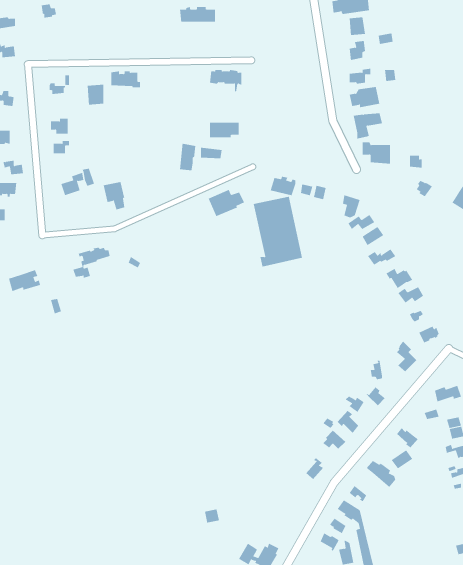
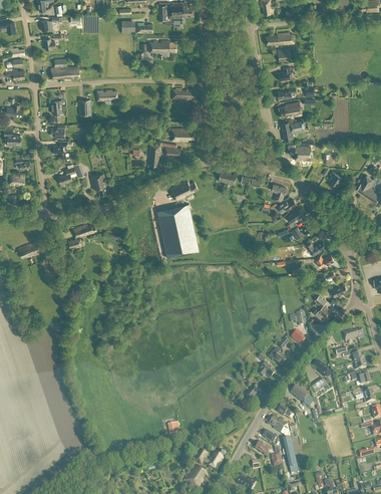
building: none -> [50,57,79,78]
building: [253,196,303,267] -> [159,203,198,257]

